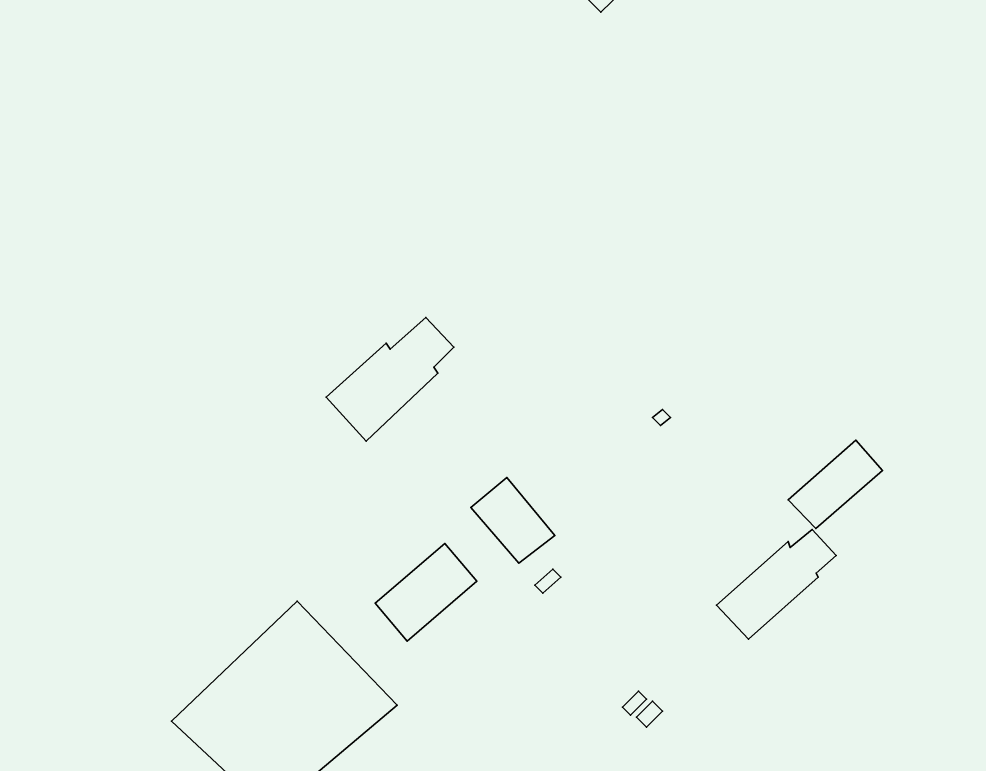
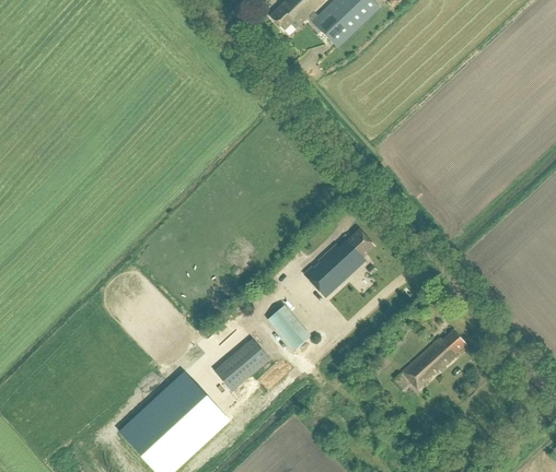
building: [326,317,454,441] -> [305,228,375,296]
building: [788,440,883,528] -> none

